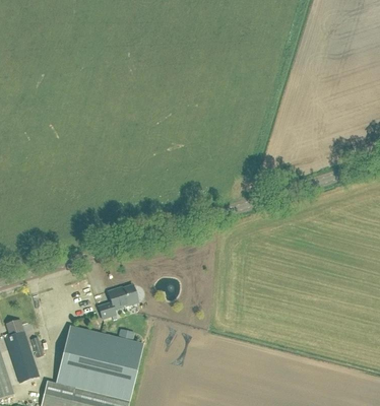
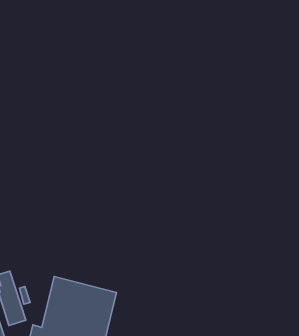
building: [99,283,138,317] -> none

